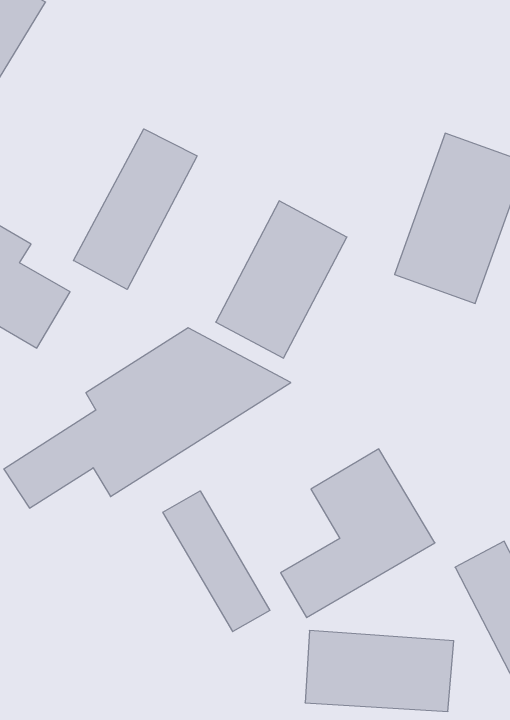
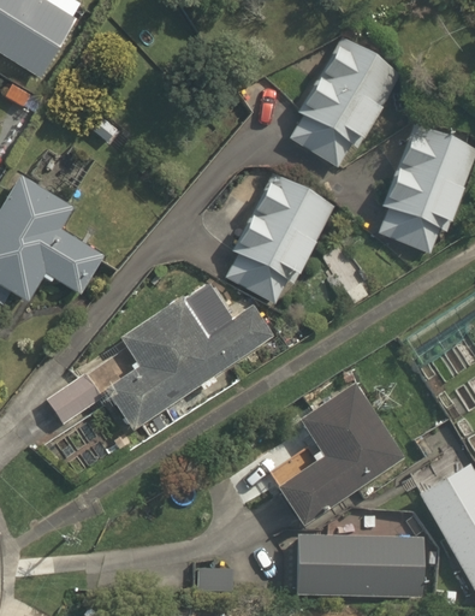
building: none -> [286,30,402,171]
building: [73,129,197,289] -> none
building: [163,491,270,632] -> none

